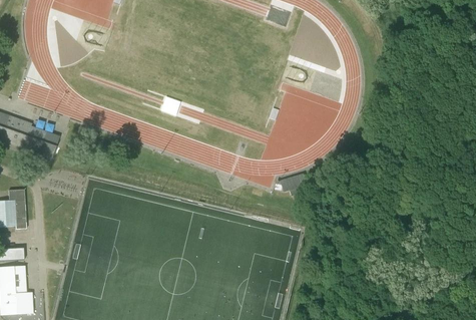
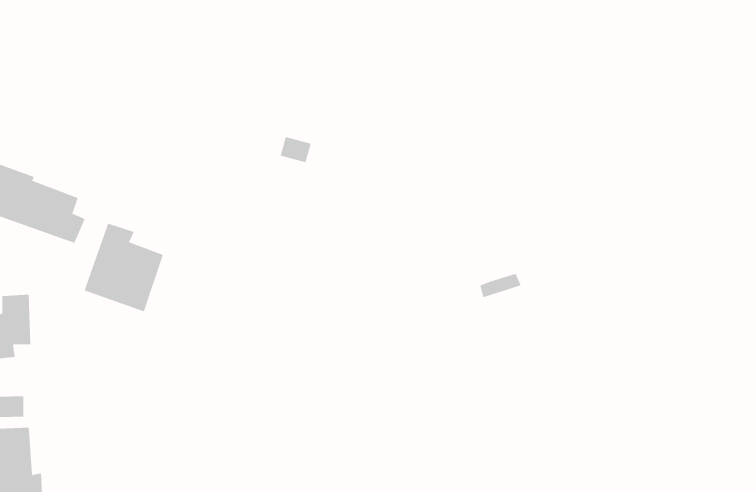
building: none -> [84,223,164,312]

